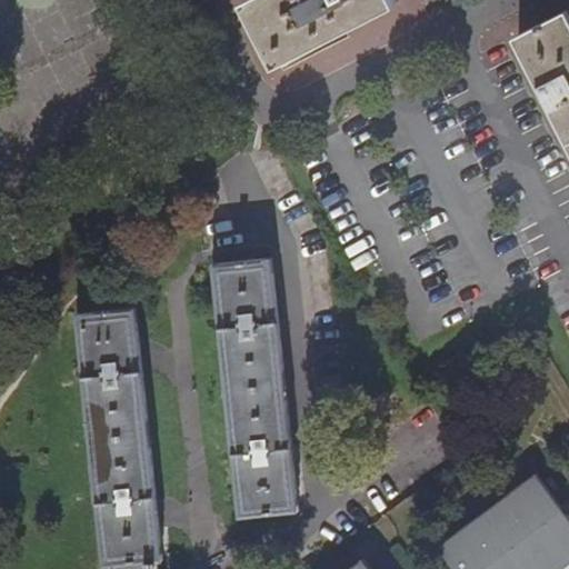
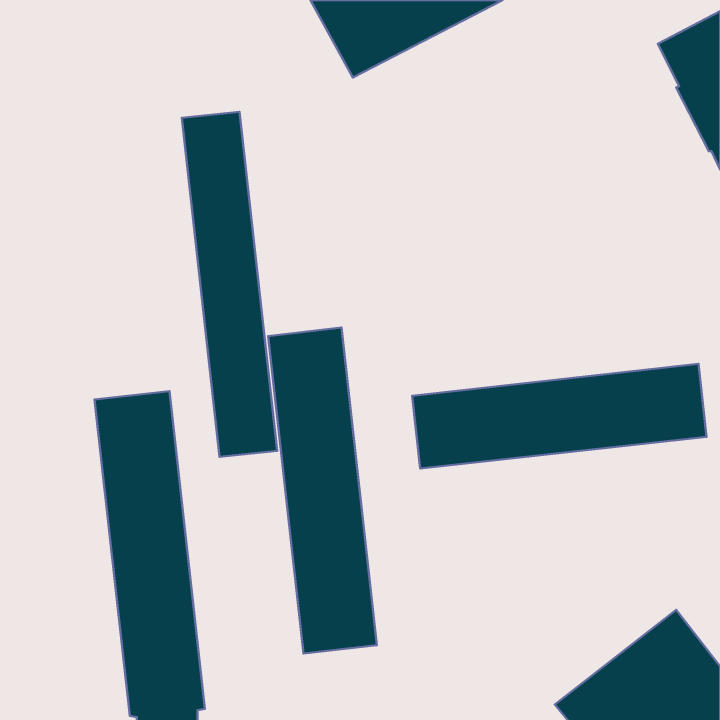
building: none -> [182,112,277,457]
building: none -> [412,364,706,469]

